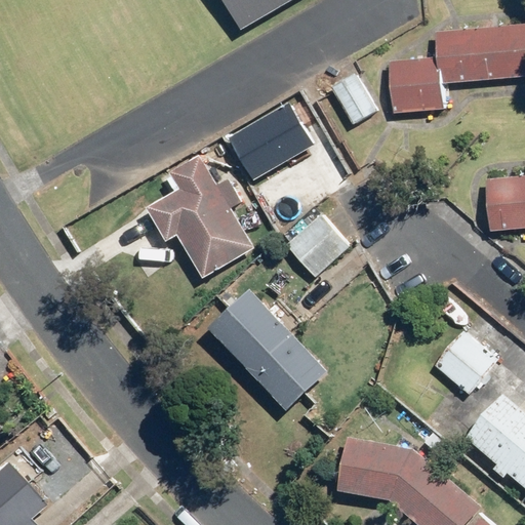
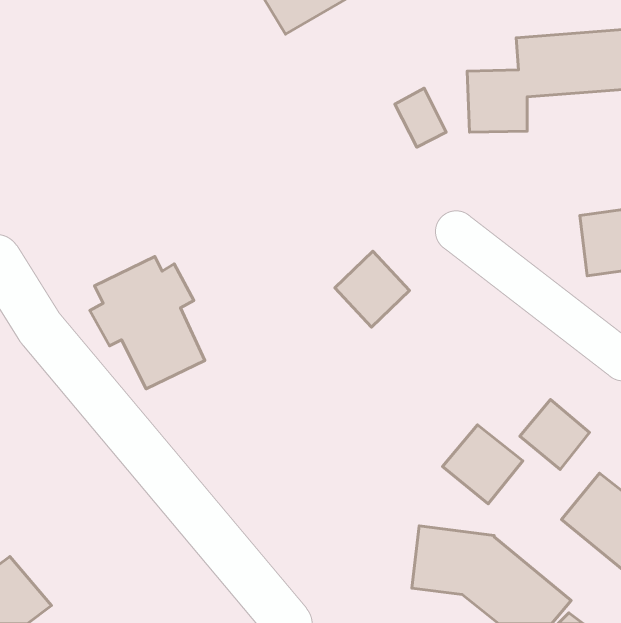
building: [232,106,311,176] -> none
building: [154,164,250,275] -> [90,256,205,389]
building: [205,288,324,408] -> none
building: none -> [443,425,523,504]

